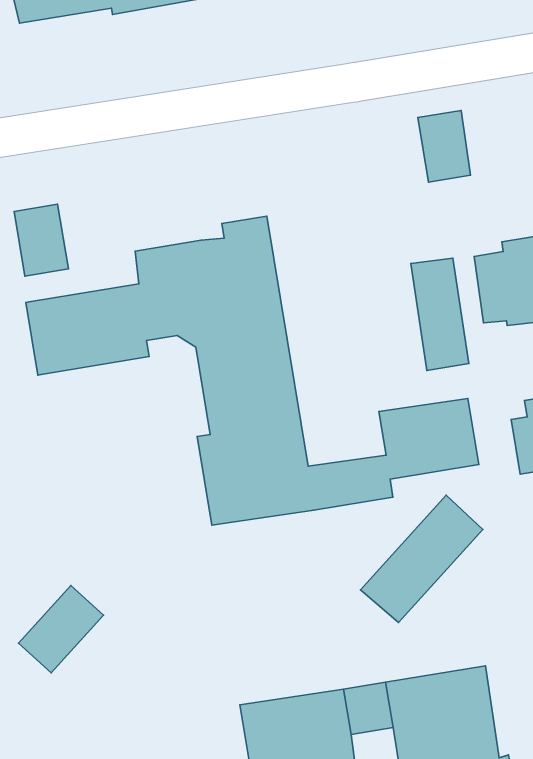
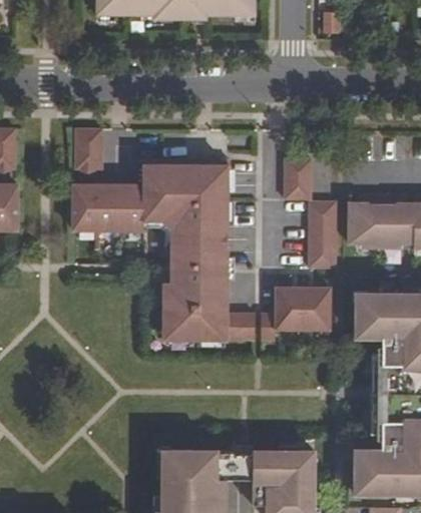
building: [418,110,470,182] -> [285,158,312,198]
building: [361,495,483,623] -> none
building: [18,586,103,673] -> none

